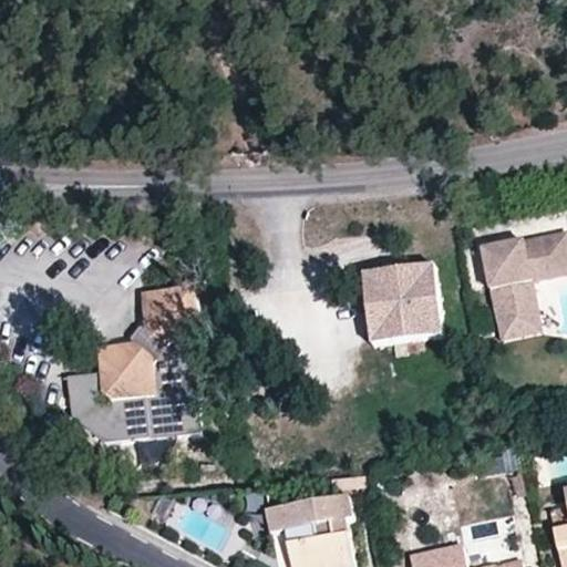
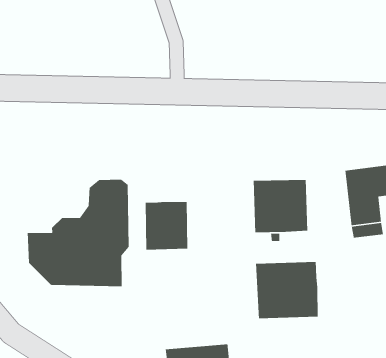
building: none -> [145,201,188,251]
building: none -> [255,261,318,319]

